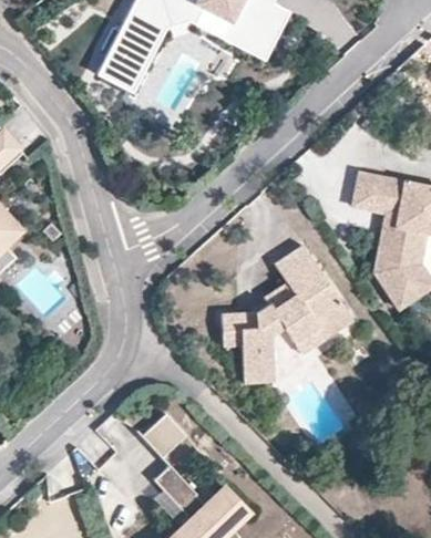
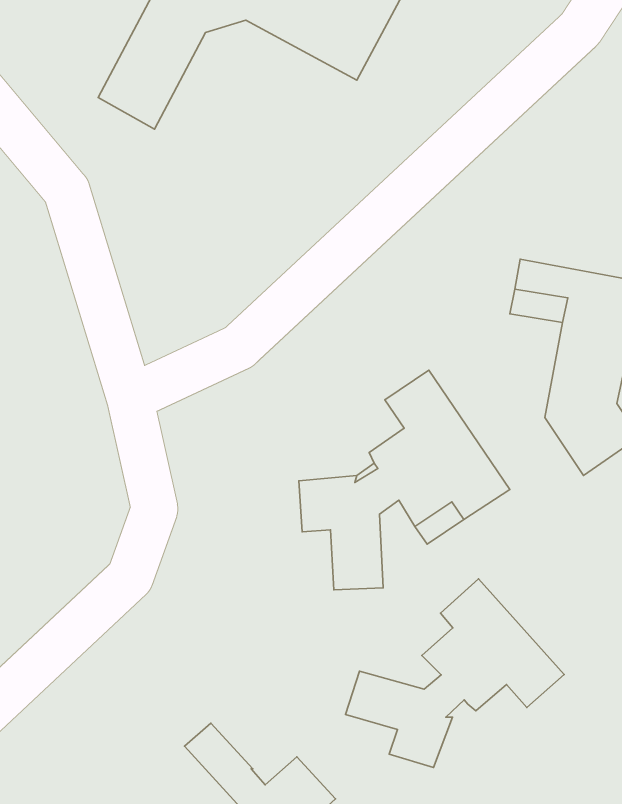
building: none -> [346,579,564,768]
building: [140,411,184,456] -> none

